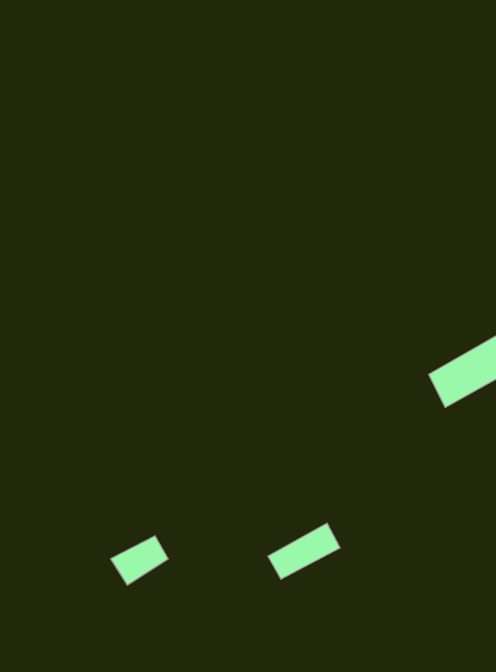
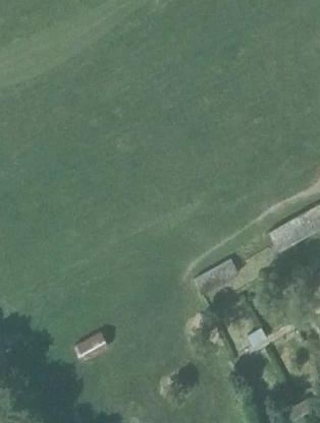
building: [268,523,340,579] -> [195,259,239,294]

